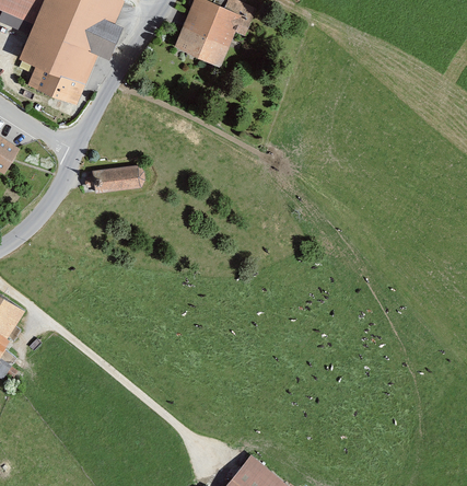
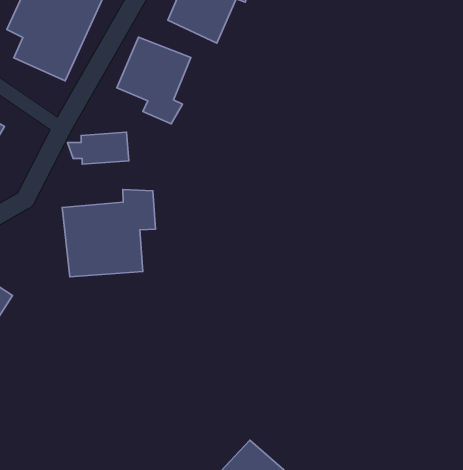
building: none -> [117,37,191,124]
building: none -> [62,190,155,277]

